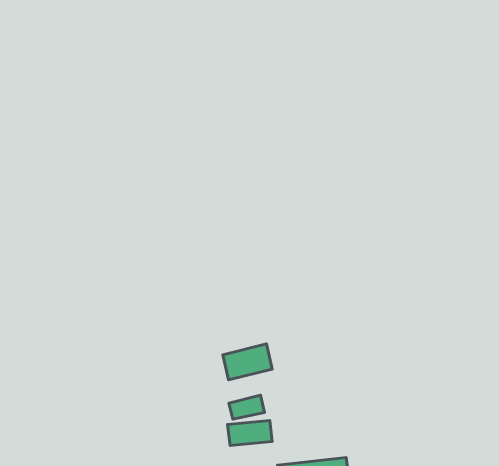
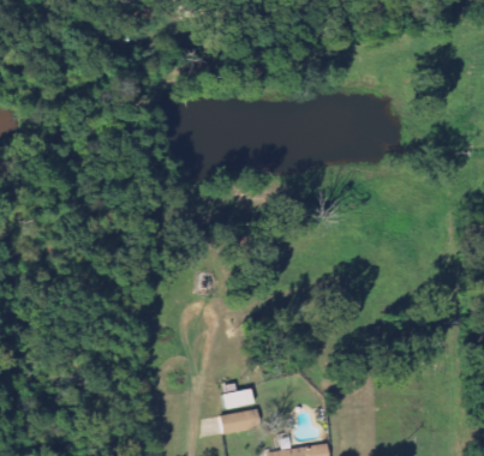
building: [223,344,272,380] -> none

